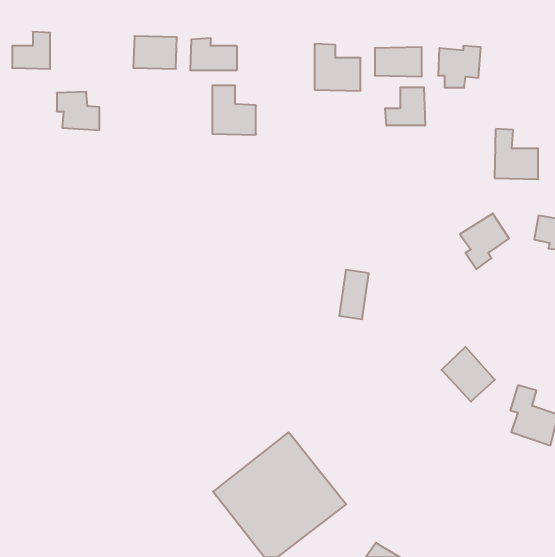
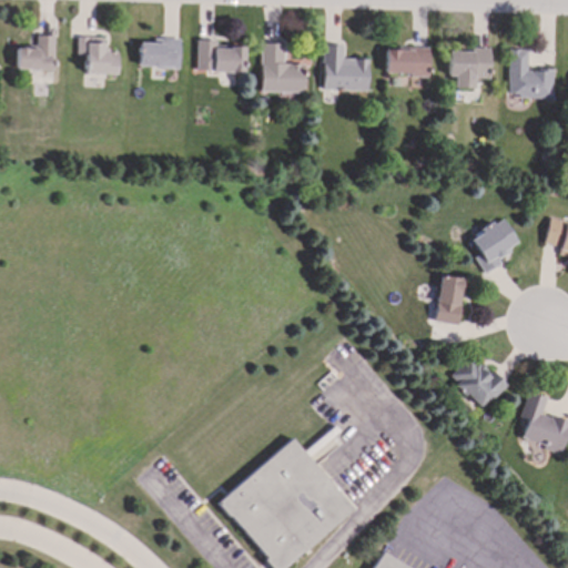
building: [212,86,256,135] -> [262,43,306,93]
building: [385,87,425,126] -> none
building: [57,92,99,130] -> [78,36,121,74]
building: [495,129,538,179] -> [510,48,555,99]
building: [339,270,369,319] -> [435,274,465,324]

